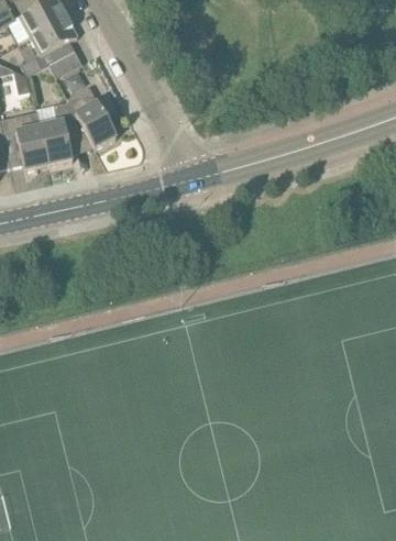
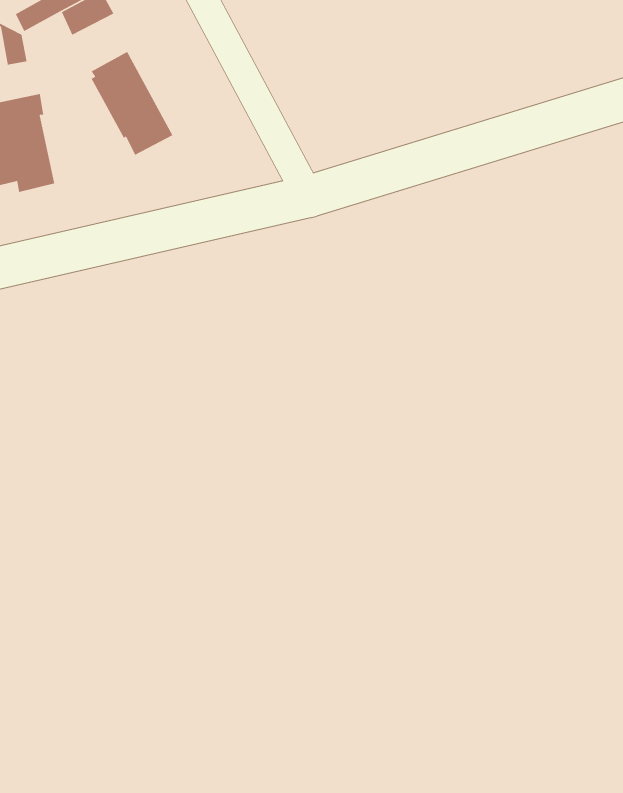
building: [37,101,87,164] -> none

